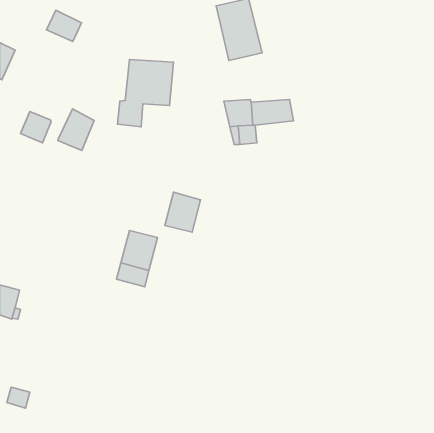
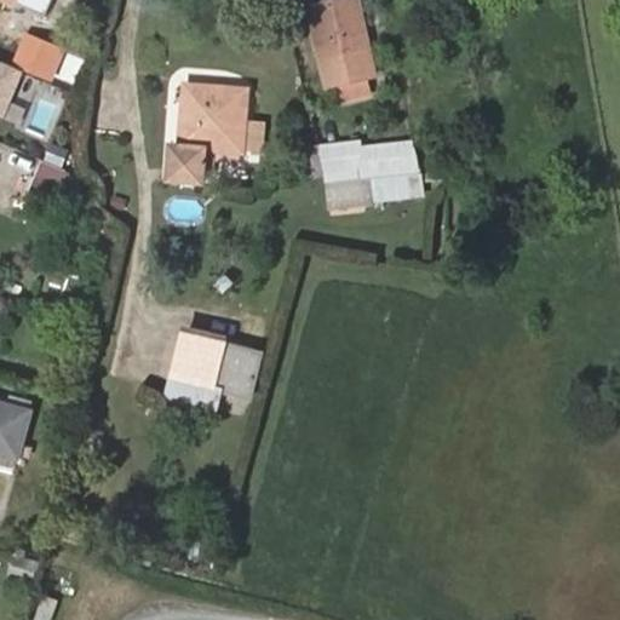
building: [46,10,81,42] -> [13,31,63,76]
building: [58,109,94,151] -> none
building: none -> [363,172,421,203]
building: [165,192,201,232] -> [212,338,263,395]

